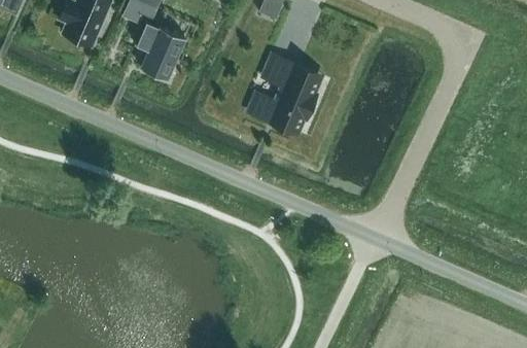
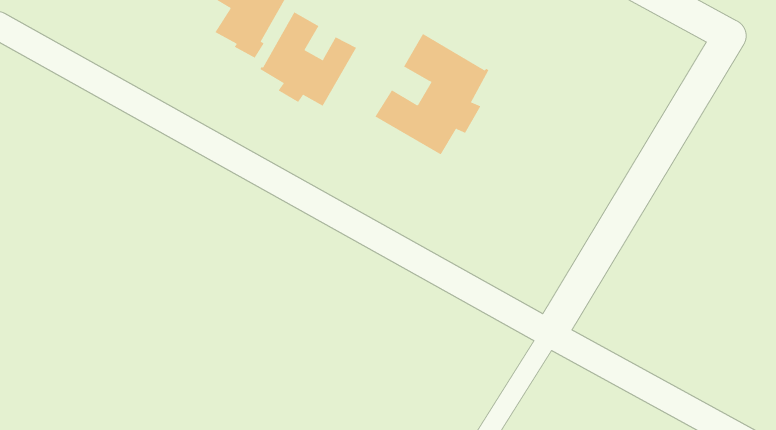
building: none -> [260,11,357,107]

